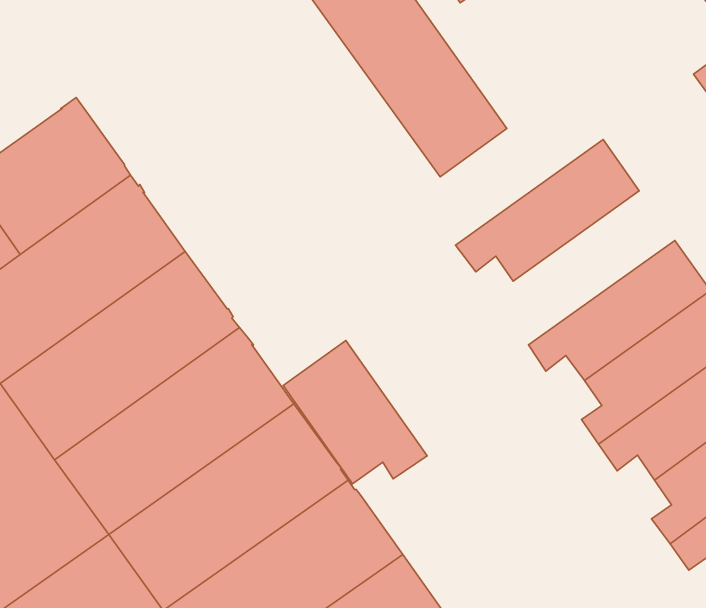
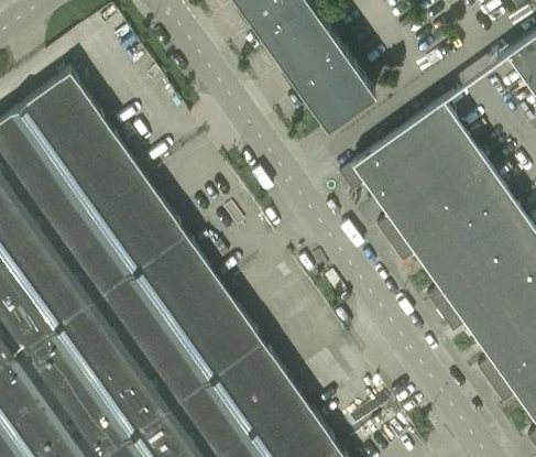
building: none -> [376,138,493,247]
building: [283,341,427,484] -> none

